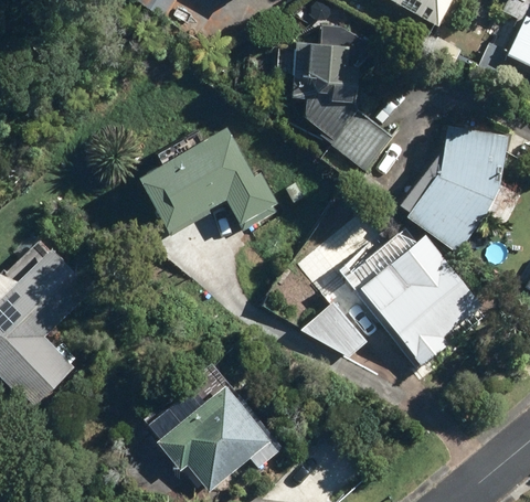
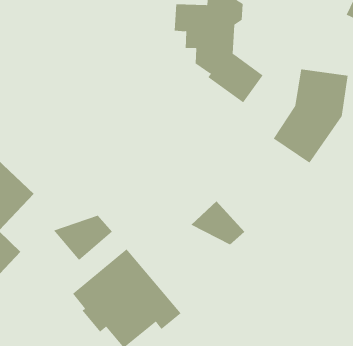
building: [131,126,278,235] -> none
building: [337,204,483,369] -> none
building: none -> [53,215,113,261]

